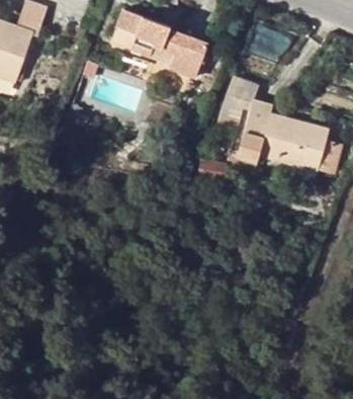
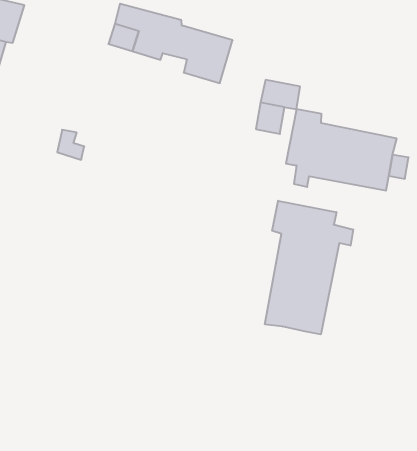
building: none -> [265,201,353,334]

